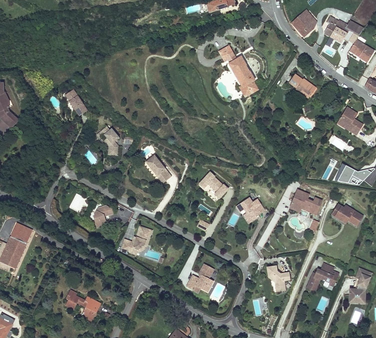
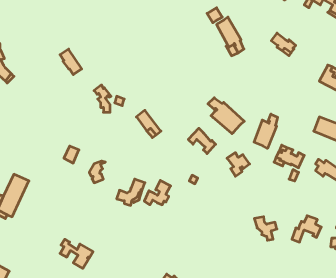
building: none -> [208,98,244,134]
building: none -> [254,114,278,148]
building: [190,263,218,289] -> [144,180,171,205]

